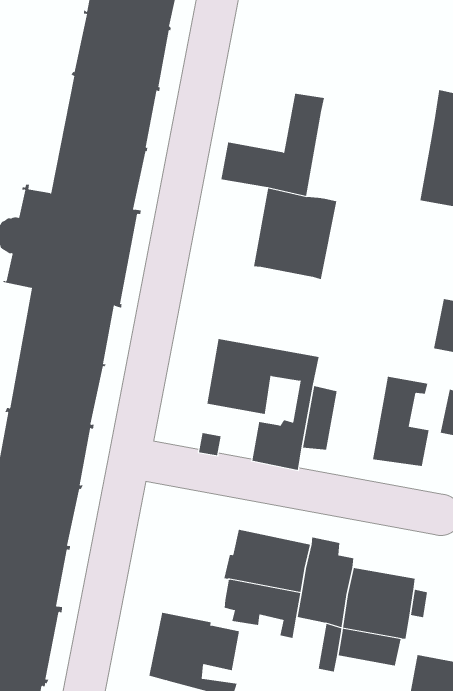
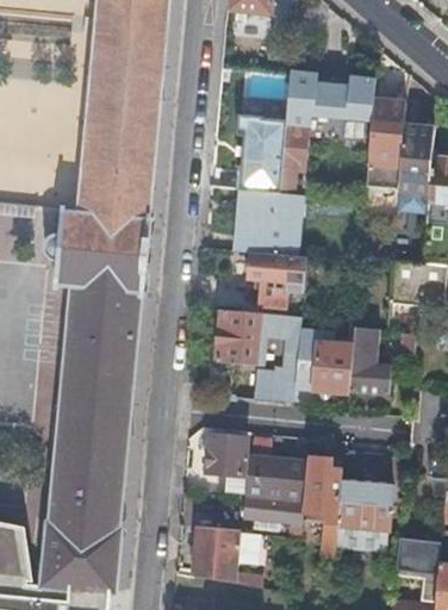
building: none -> [278,67,372,192]
building: none -> [245,250,288,307]
building: none -> [313,328,353,390]
building: none -> [206,434,247,493]

